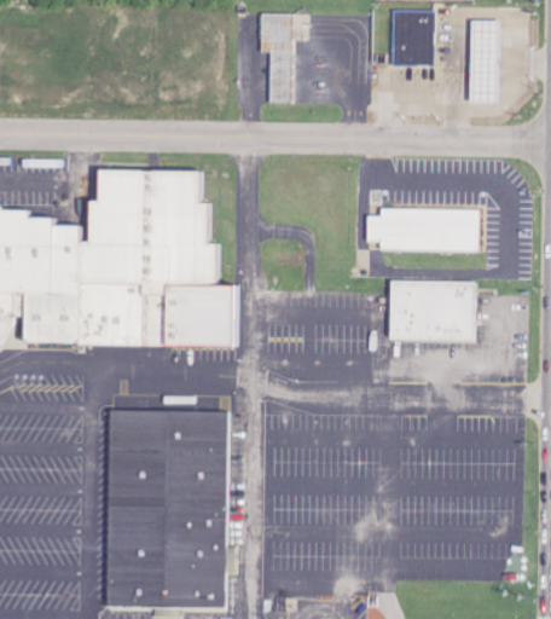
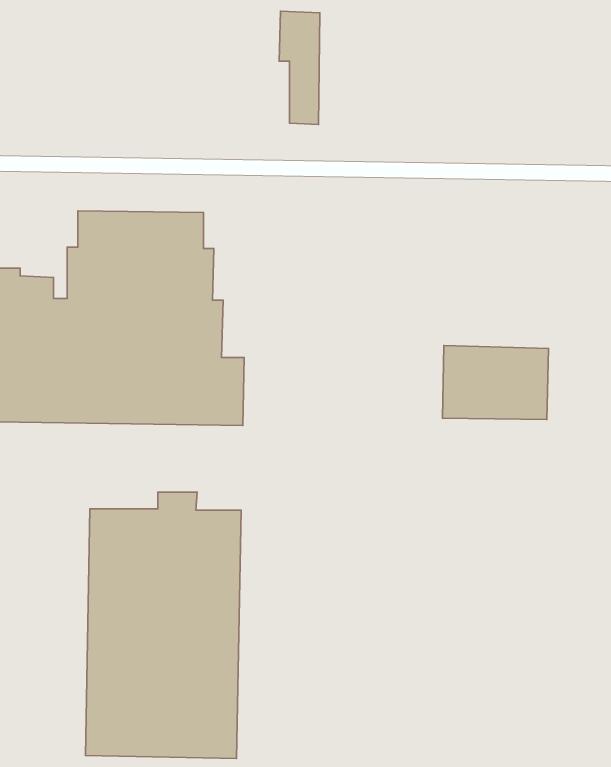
building: [393,11,436,68] -> none
building: [470,22,499,103] -> none
building: [366,208,478,249] -> none

